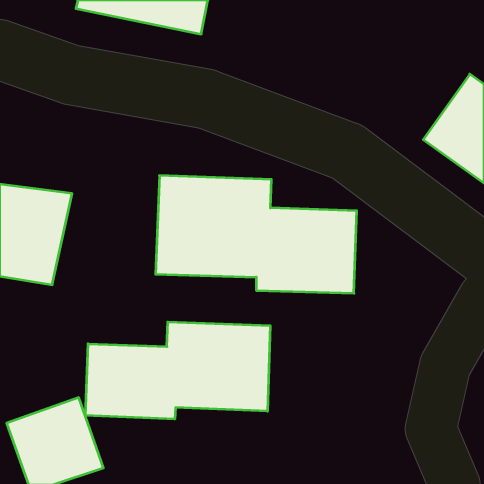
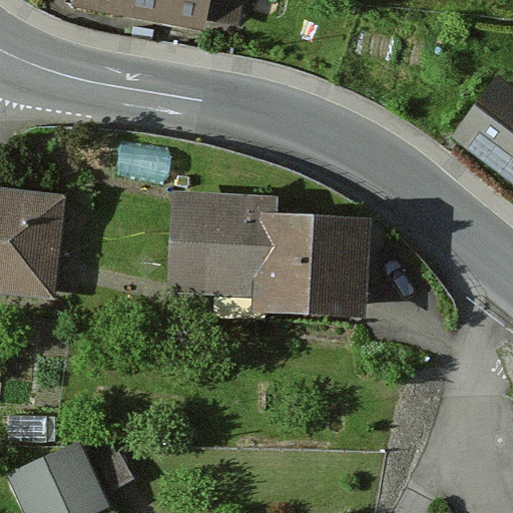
building: [86,322,270,419] -> none

